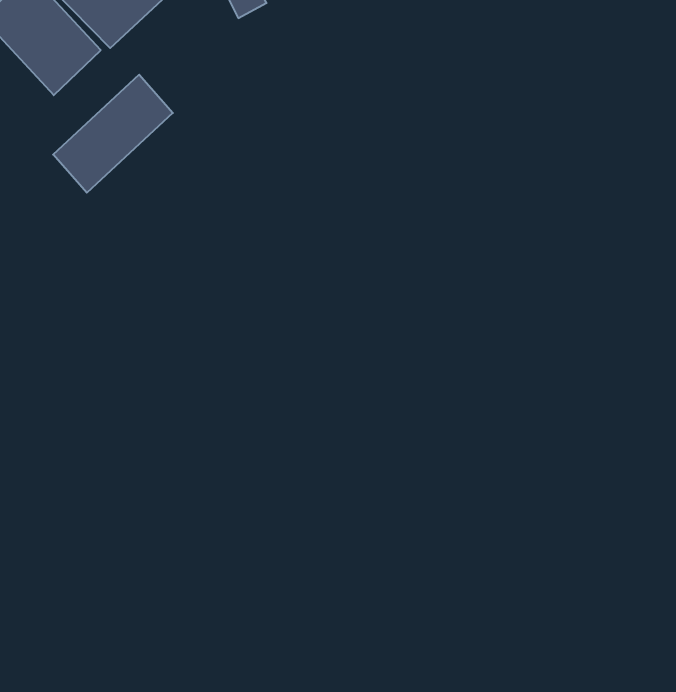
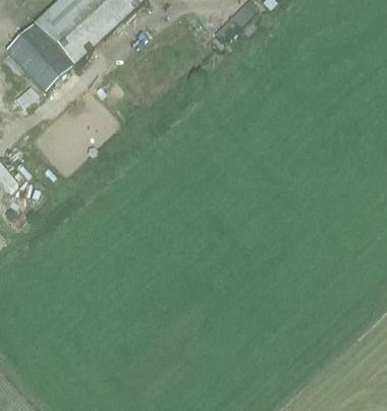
building: [53,75,173,193] -> none

